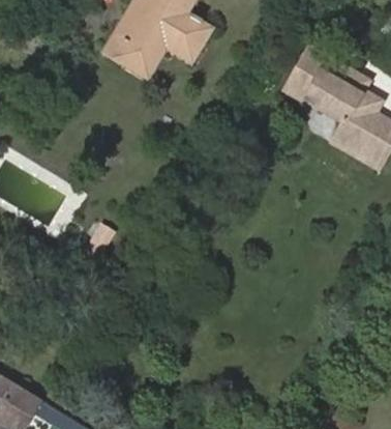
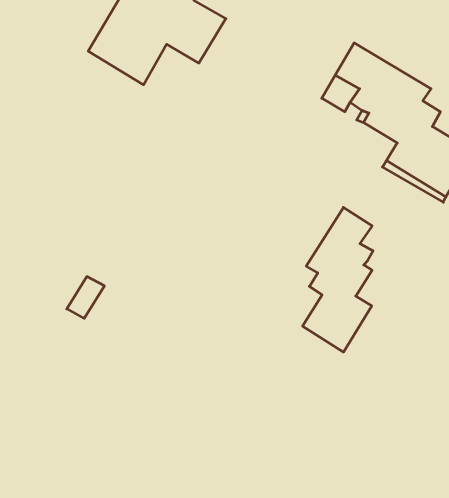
building: none -> [303,207,373,352]

